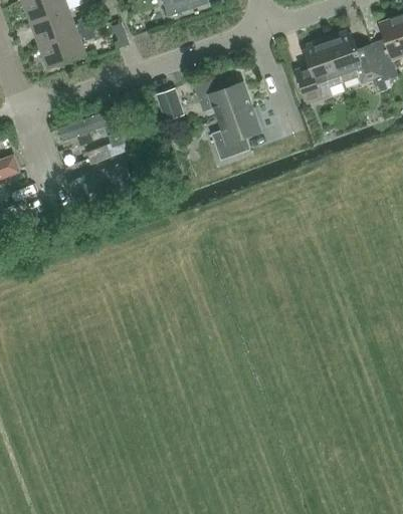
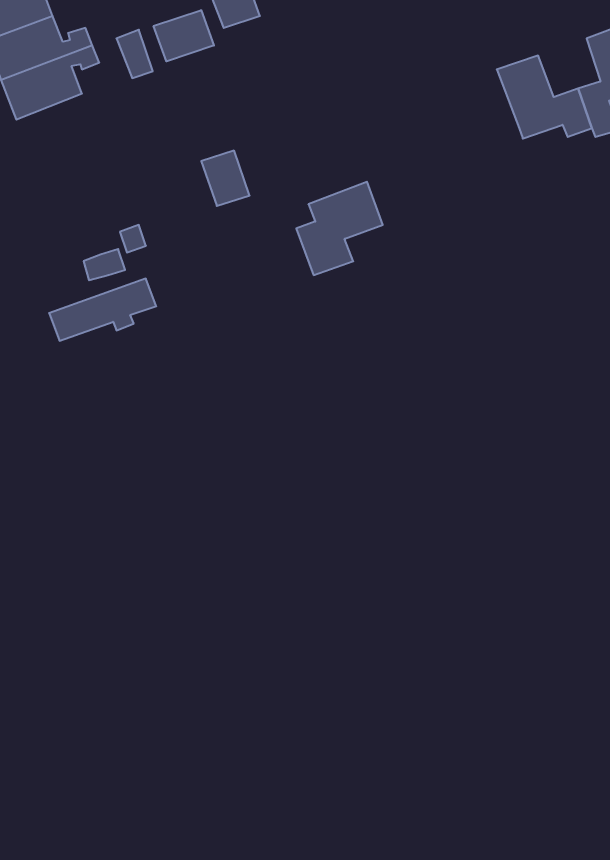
building: none -> [154,10,214,61]
building: [299,41,343,102] -> none
building: [194,77,252,119] -> none
building: [58,116,96,146] -> none

